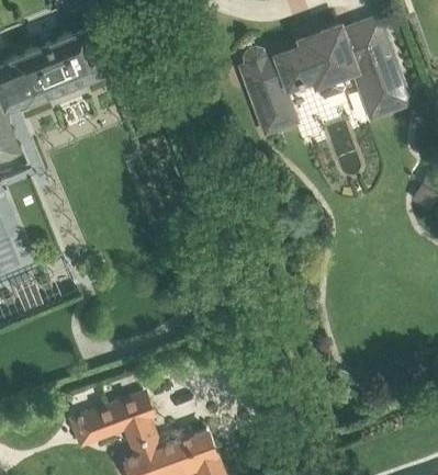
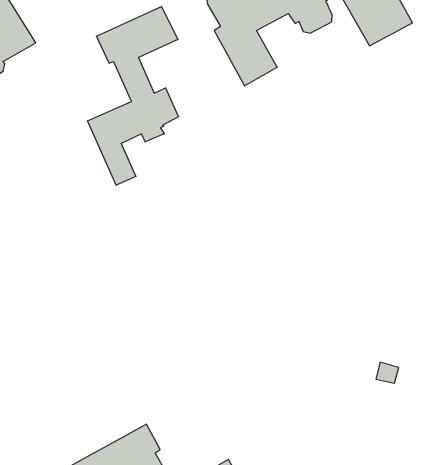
building: none -> [88,7,178,185]

